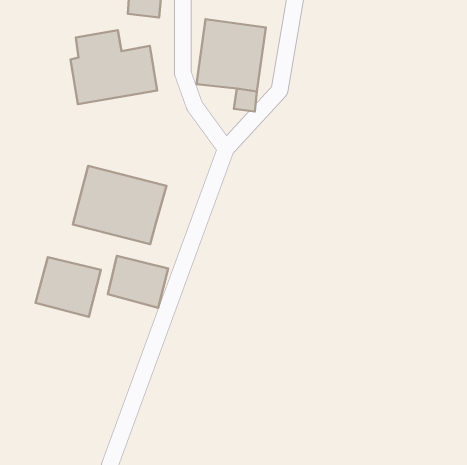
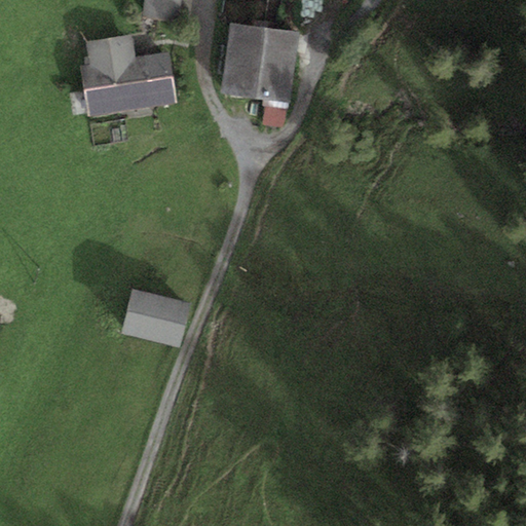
building: [73,166,167,244] -> none
building: [35,257,101,317] -> none

